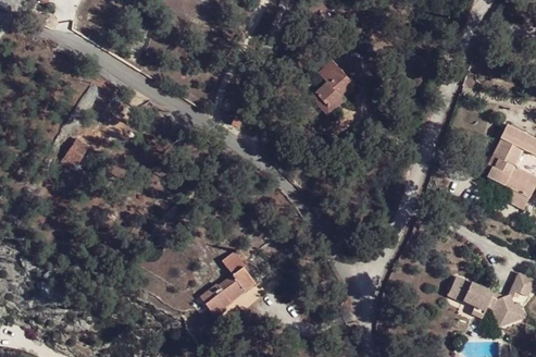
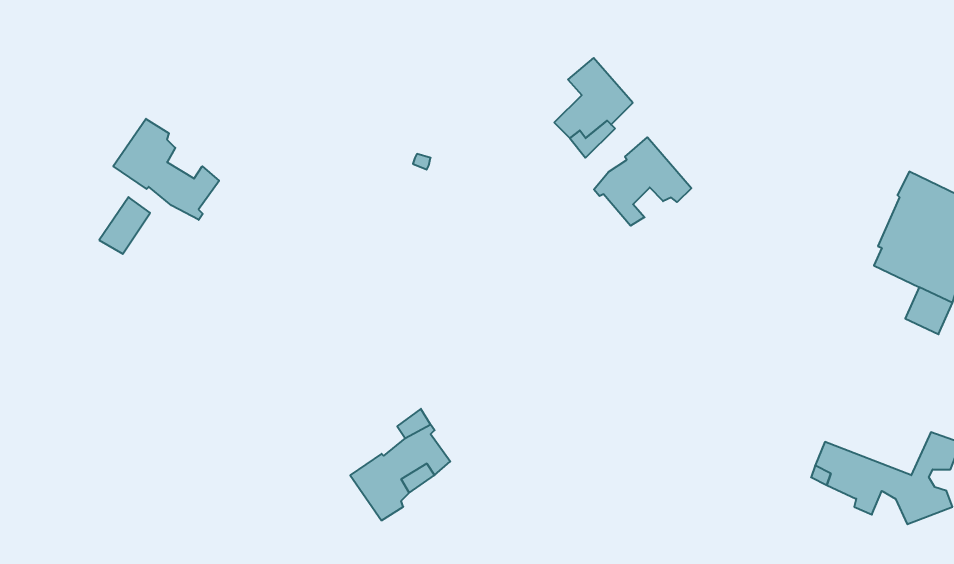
building: none -> [113,119,219,220]
building: none -> [594,137,691,226]

